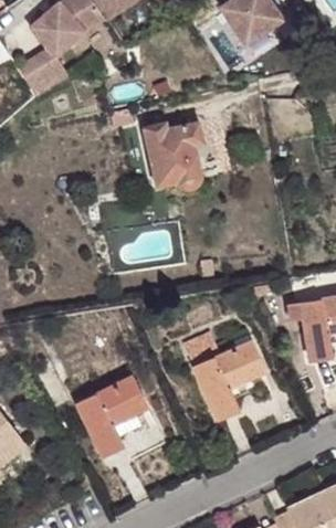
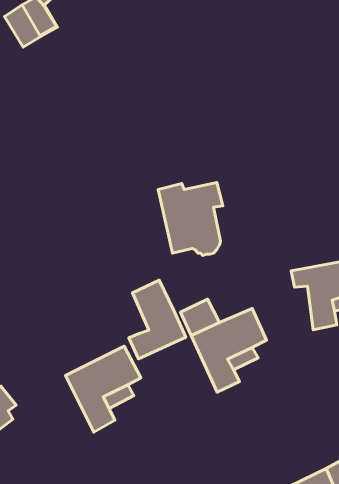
building: [143,120,203,189] -> [158,182,223,255]
building: none -> [129,280,186,359]

